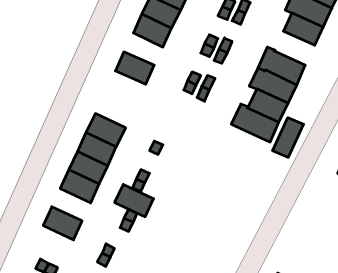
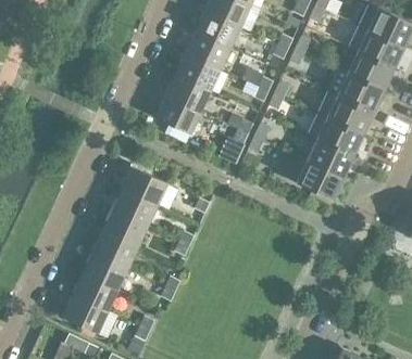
building: none -> [329,68,384,112]
building: none -> [165,75,210,112]
building: [273,118,304,157] -> none
building: [115,184,154,217] -> [83,253,127,290]
building: none -> [63,295,108,333]

